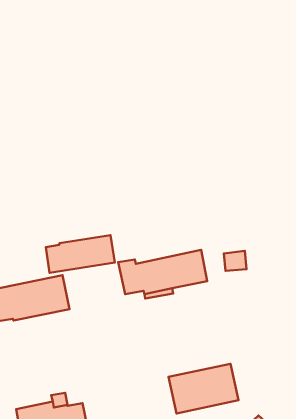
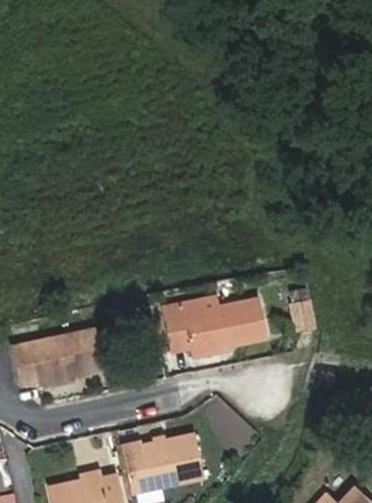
building: [46,235,115,273] -> none
building: [169,364,238,413] -> [123,431,205,490]

